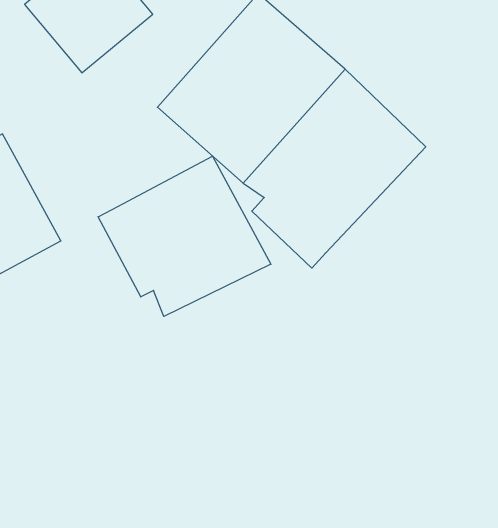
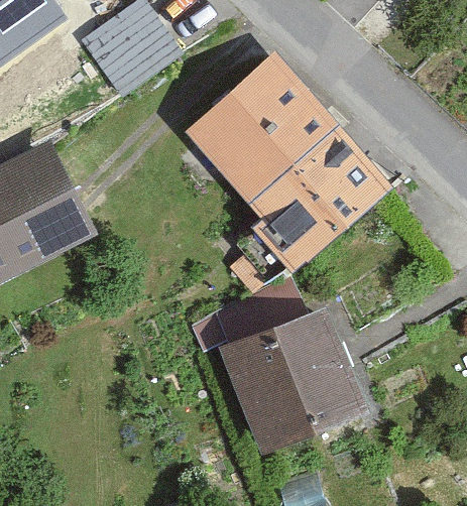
building: [98,156,271,316] -> none
building: none -> [220,302,365,449]

